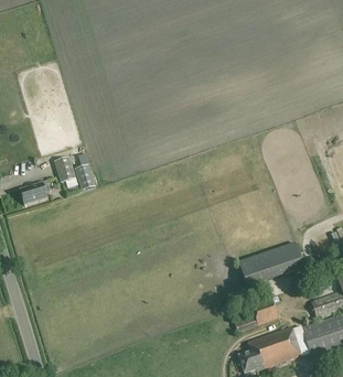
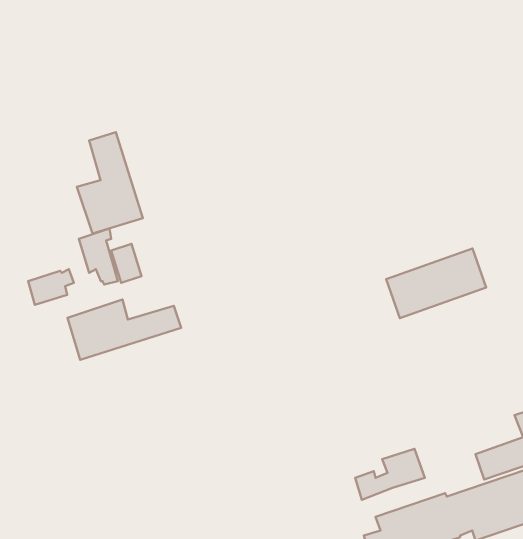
building: none -> [77,132,143,233]
building: none -> [68,300,181,360]
building: [238,240,303,286] -> [386,249,486,318]

